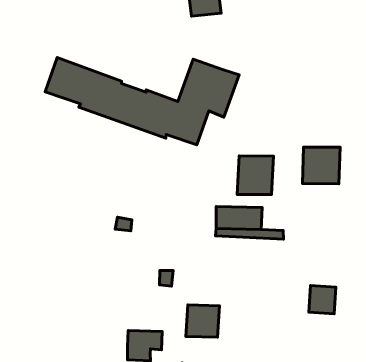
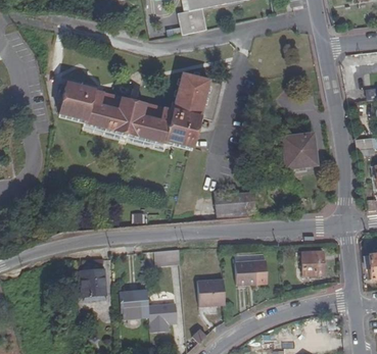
building: [237,156,273,195] -> none
building: none -> [83,268,107,304]
building: none -> [237,258,269,283]
building: none -> [125,293,152,320]

